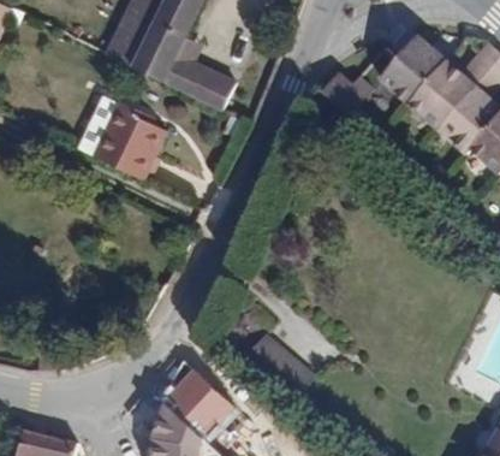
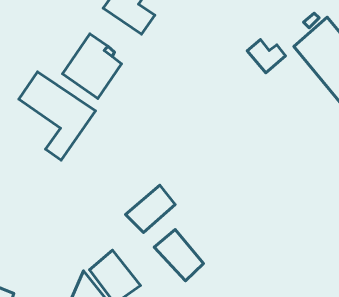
building: [185,64,234,107] -> none
building: none -> [19,72,96,160]
building: none -> [125,185,175,233]

